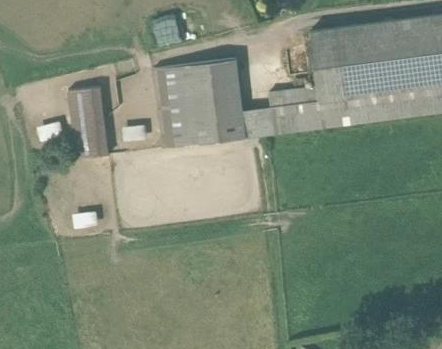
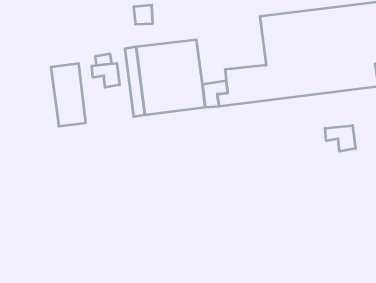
building: none -> [92,63,120,87]
building: none -> [325,125,356,151]

